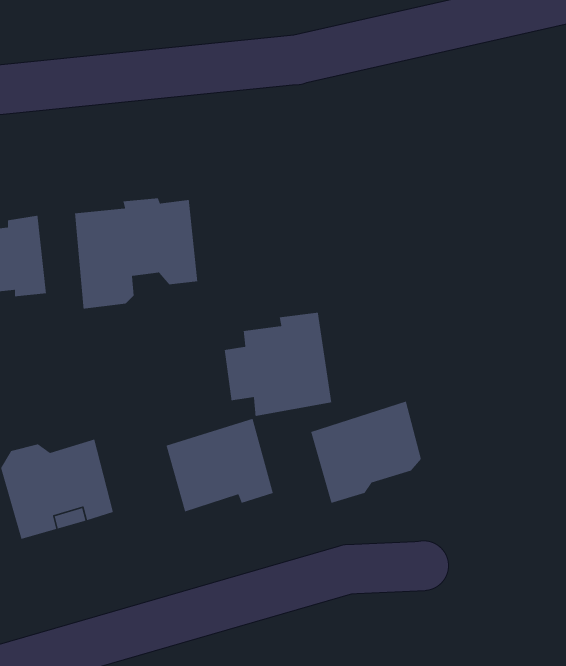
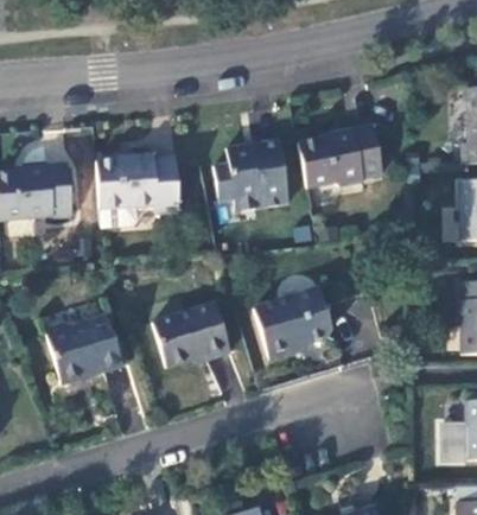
building: none -> [298,120,386,191]
building: [224,312,332,417] -> [214,142,288,215]

